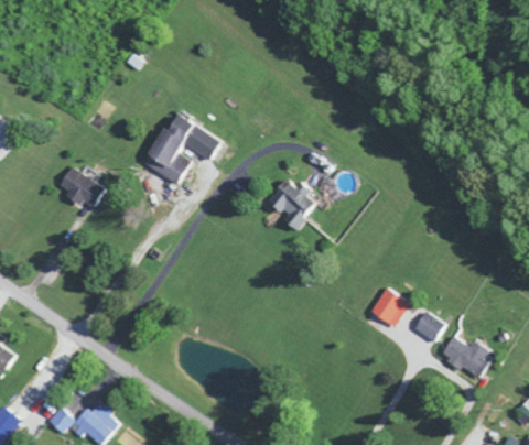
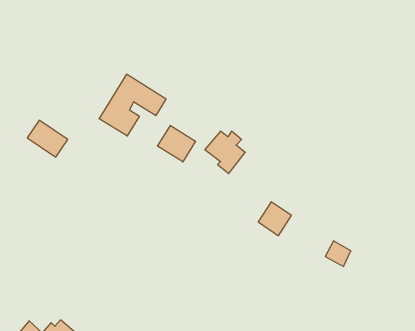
building: none -> [158,125,196,162]
building: [369,286,409,327] -> [258,202,291,236]
building: [441,336,492,376] -> none

